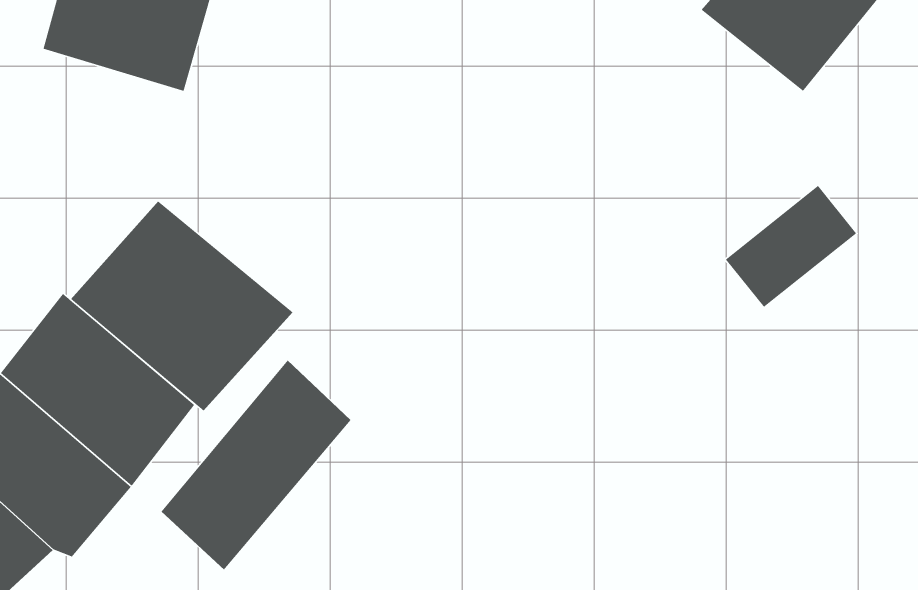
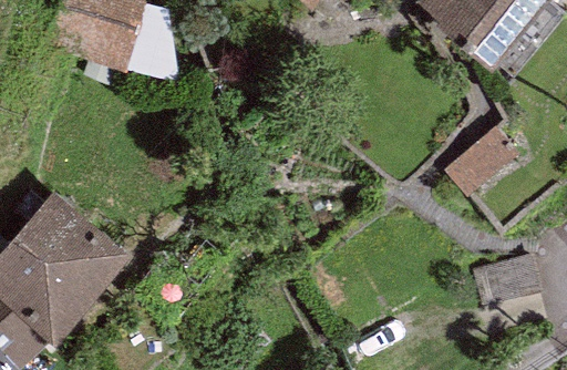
building: [70,200,293,412] -> none
building: [160,360,351,571] -> none

